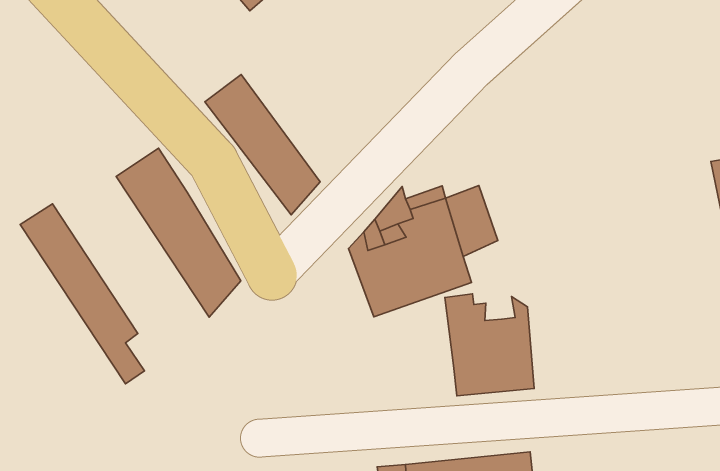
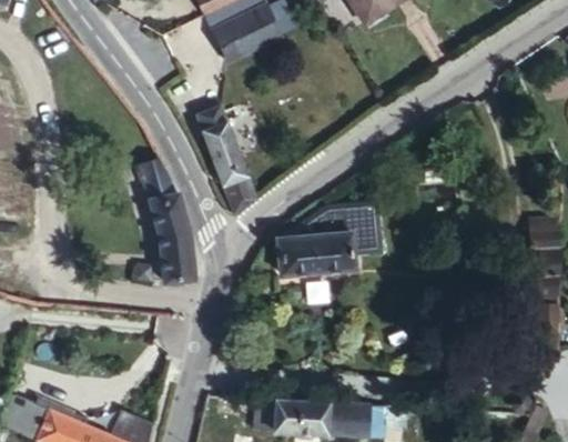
building: [20,204,144,384] -> none
building: [445,294,534,396] -> none

